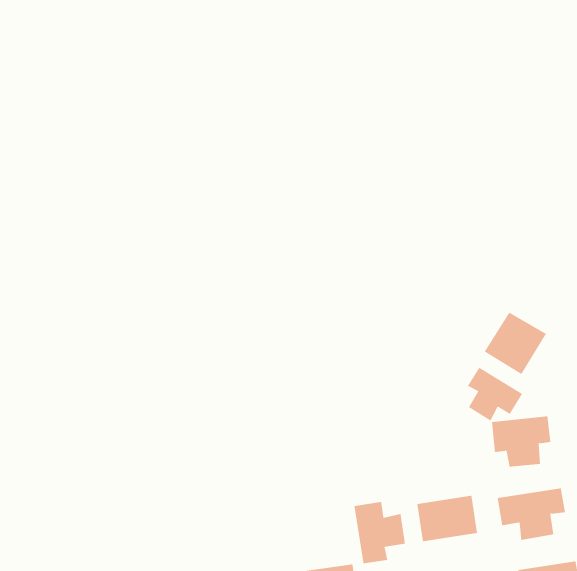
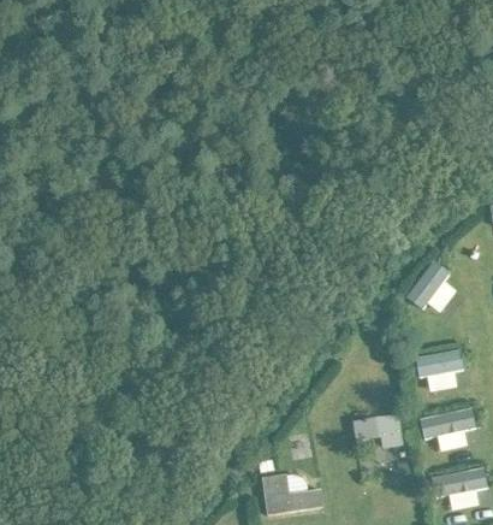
building: [467,367,523,422] -> none
building: [354,501,405,564] -> none

